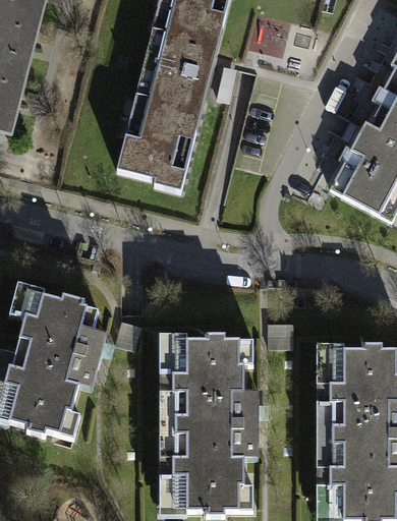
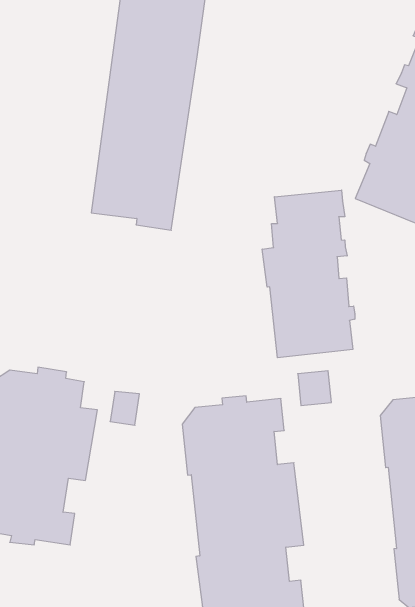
building: none -> [262,190,355,358]

